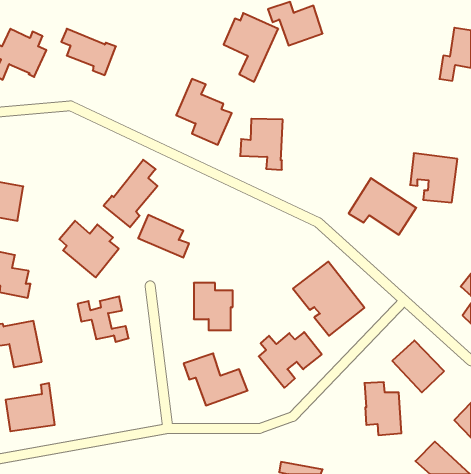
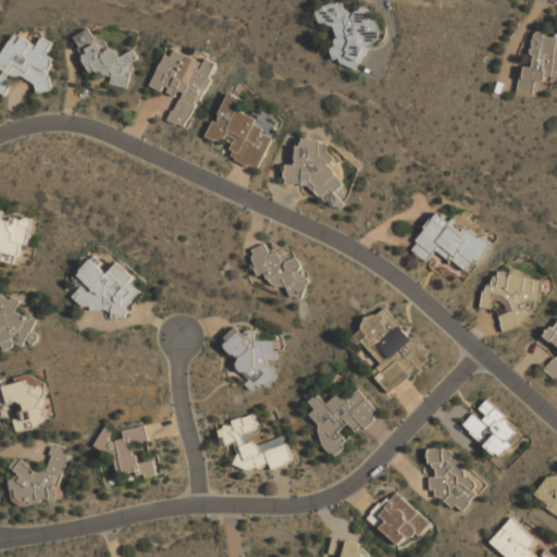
building: [224,13,278,82] -> [149,48,213,128]
building: [410,153,457,202] -> [482,271,537,329]
building: [104,160,157,227] -> none
building: [138,215,189,258] -> [247,246,307,296]
building: [78,296,129,342] -> [95,425,154,479]
building: none -> [364,490,428,547]

